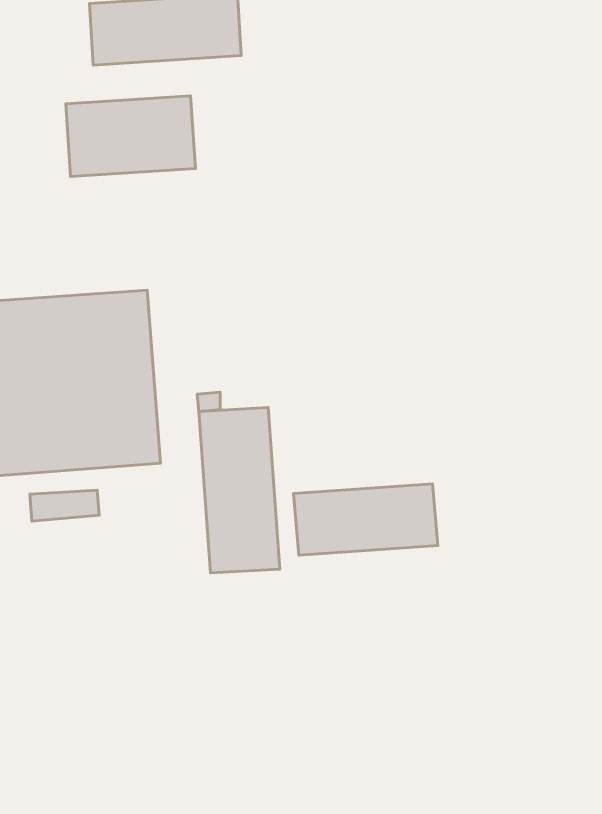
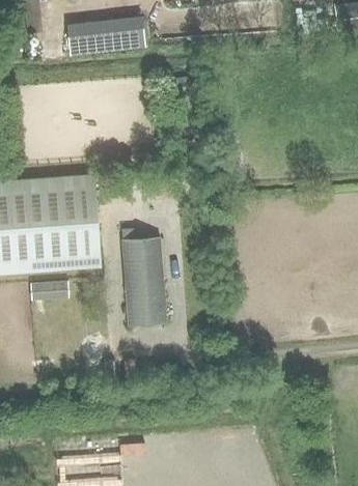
building: [66,96,195,177] -> none
building: [293,484,438,555] -> none

